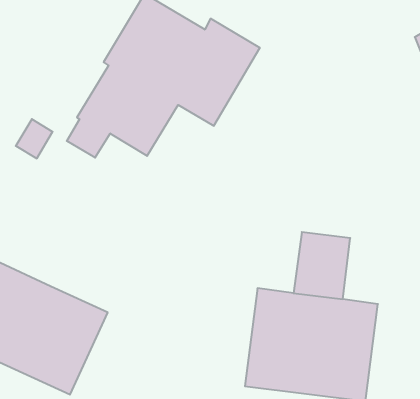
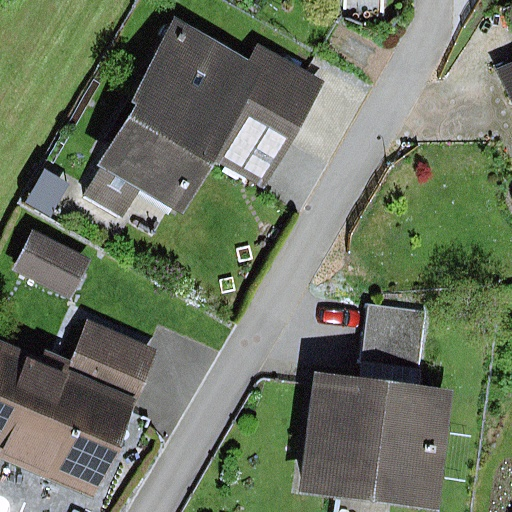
building: none -> [18,222,98,294]
building: none -> [66,321,155,401]

